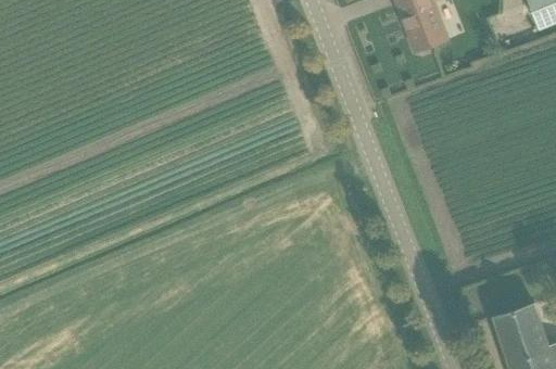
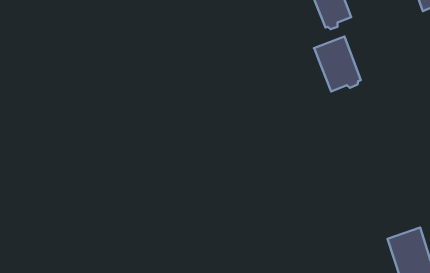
building: none -> [314,36,361,91]

